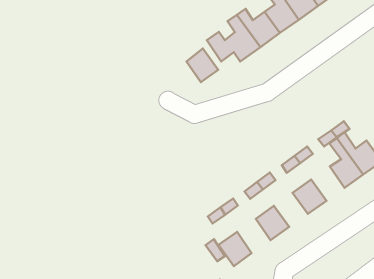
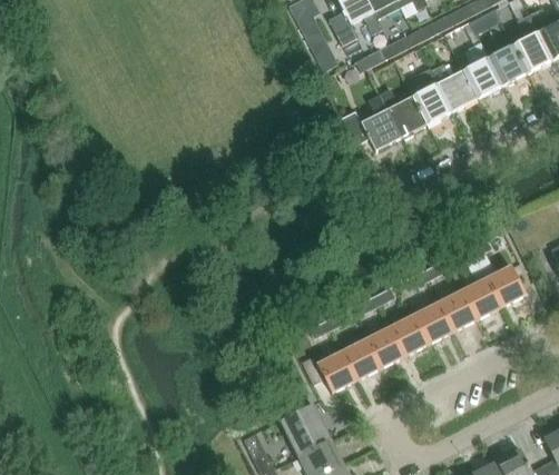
building: [186,49,218,82] -> none
building: none -> [439,290,477,330]
building: none -> [390,315,429,355]
building: none -> [342,339,380,379]

